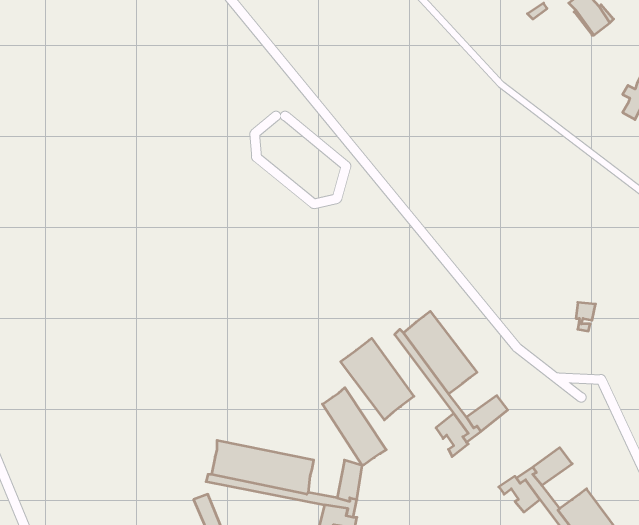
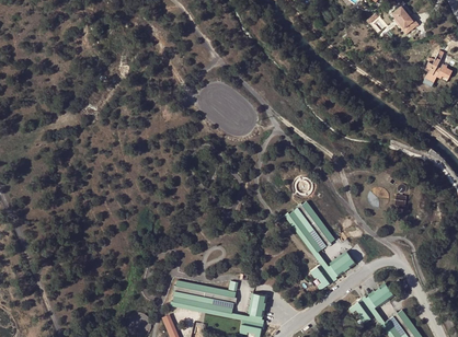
building: [341,338,414,420] -> none
building: [322,388,386,465] -> none

